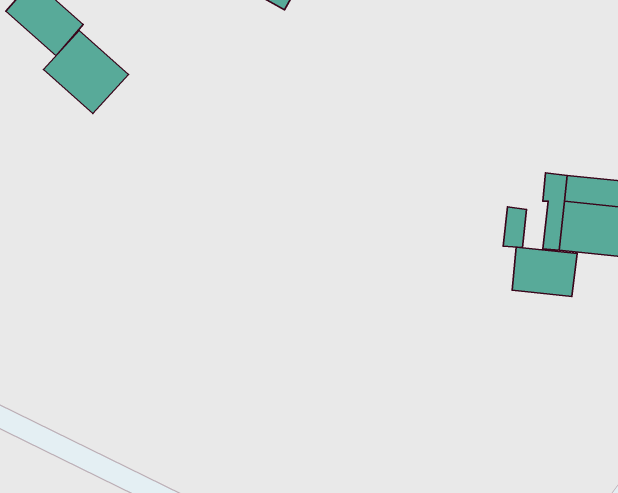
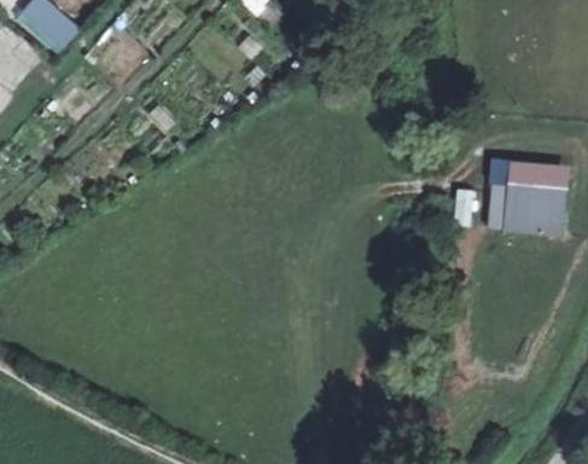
building: [44,31,128,114] -> none
building: [512,247,577,296] -> none

